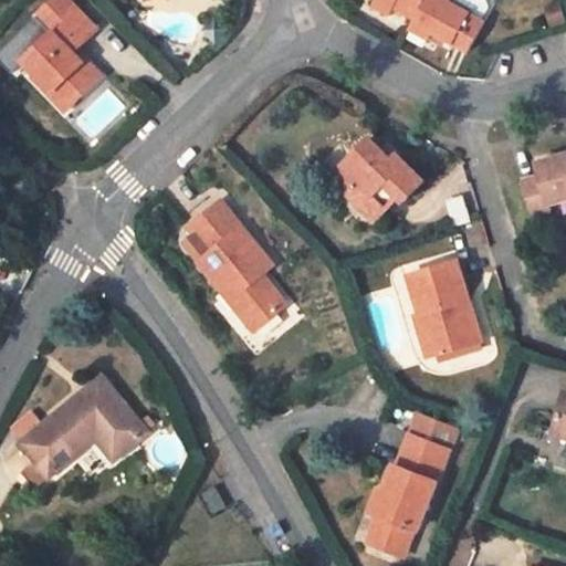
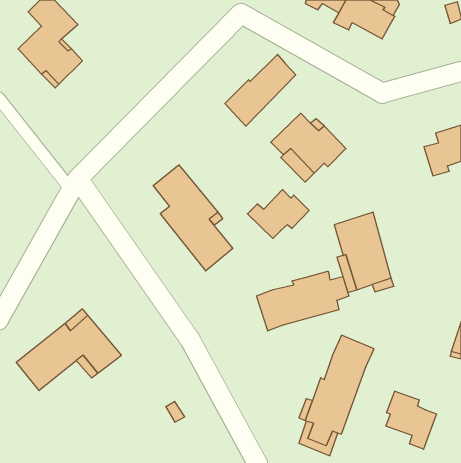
building: none -> [225,54,296,126]
building: none -> [247,190,309,238]
building: none -> [257,271,349,331]
building: none -> [386,391,436,449]

